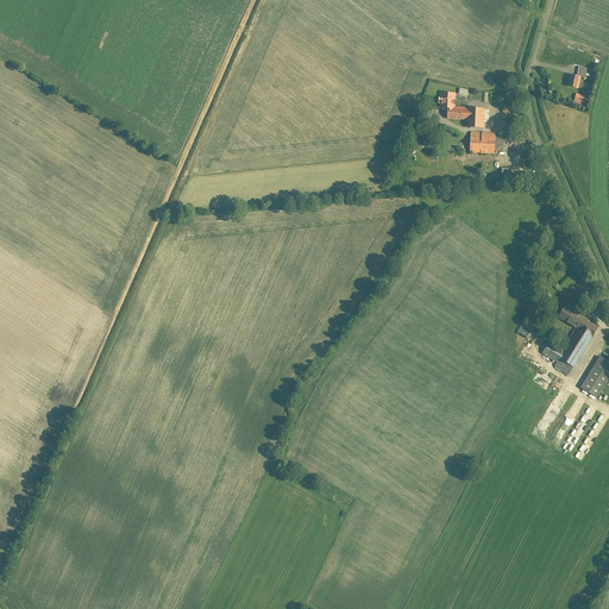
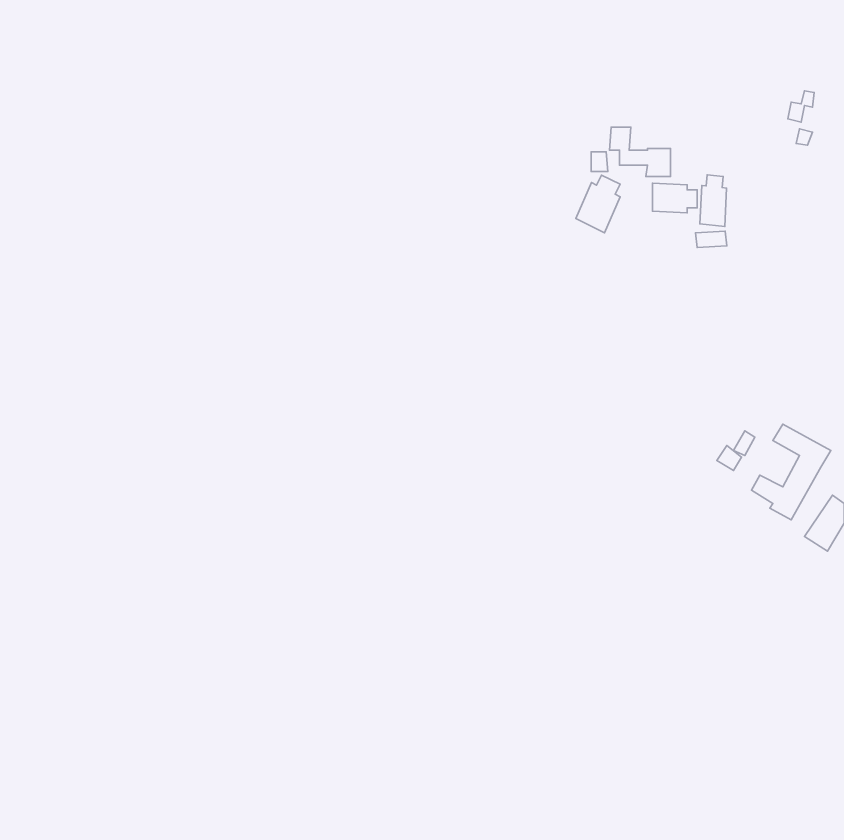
building: none -> [700,175,727,226]
building: none -> [576,175,620,233]

